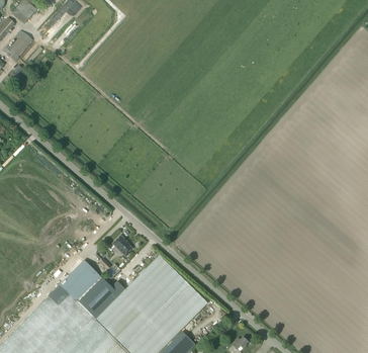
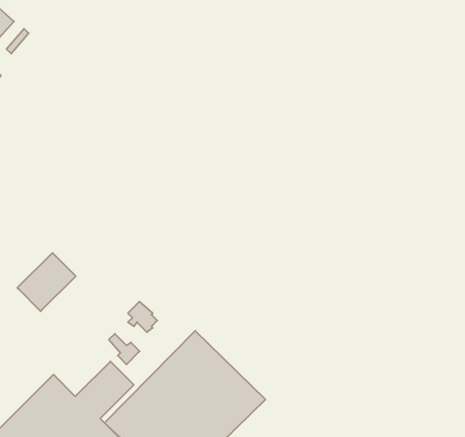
building: [59,261,99,301] -> [17,253,76,311]

